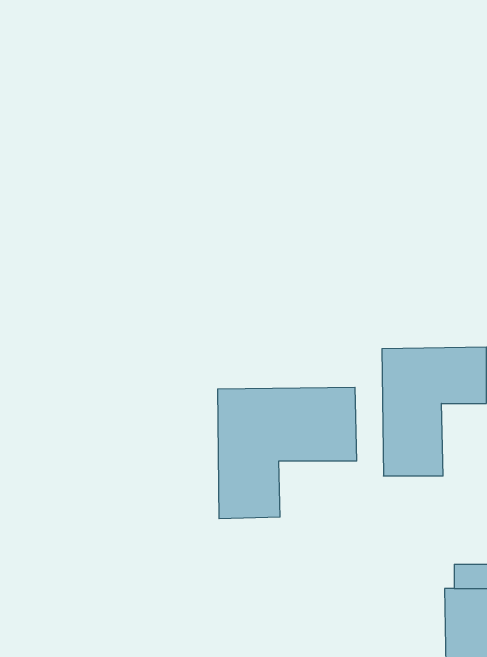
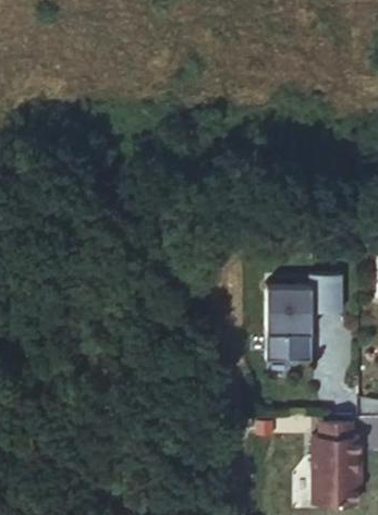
building: [218,387,357,519] -> none

